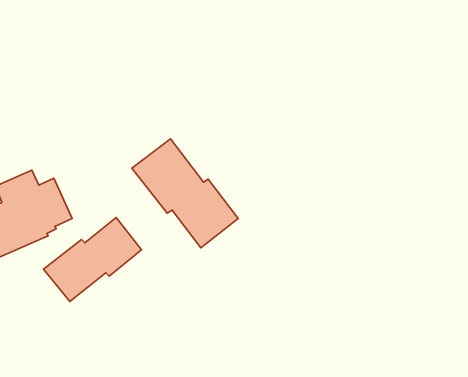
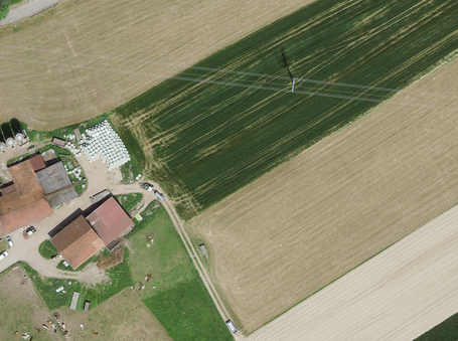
building: [132,139,238,248] -> none

